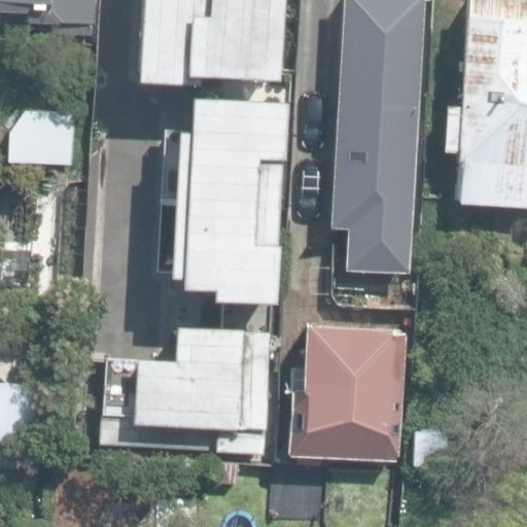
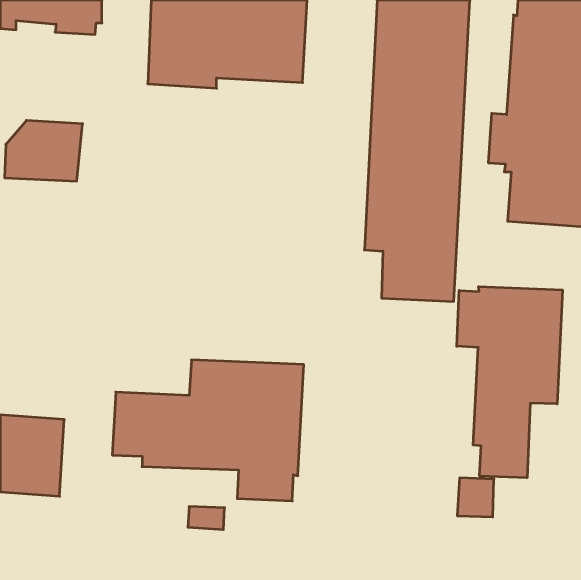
building: [169,98,287,304] -> none
building: none -> [457,287,562,478]
building: [282,321,397,458] -> none

